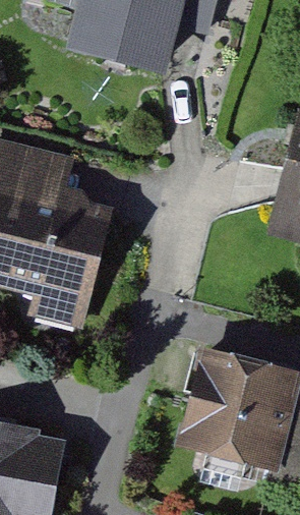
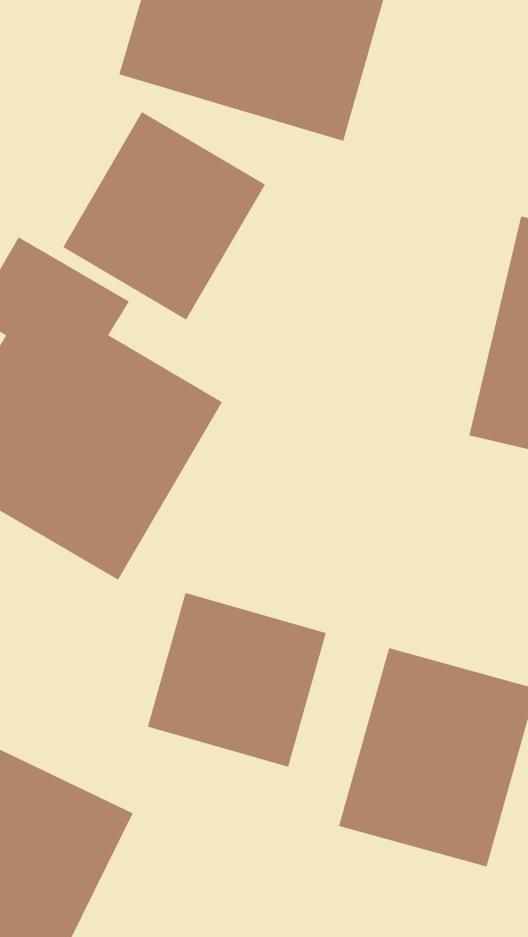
building: none -> [63,111,266,320]
building: none -> [147,592,326,768]

